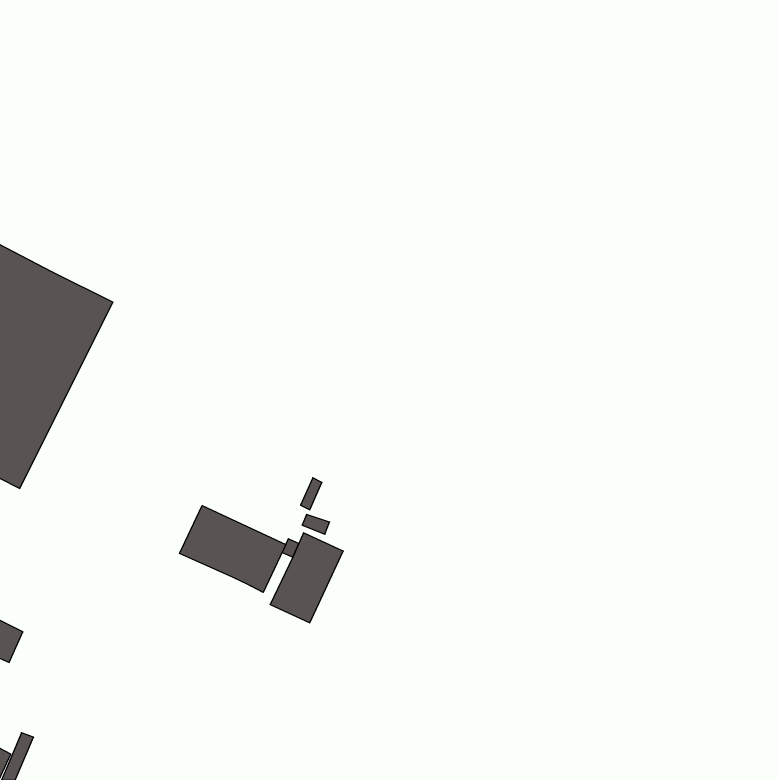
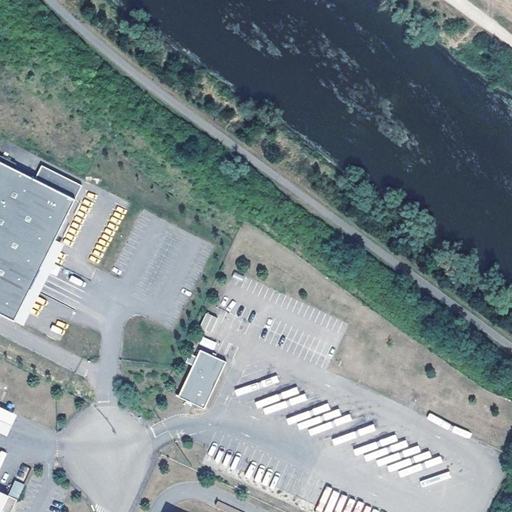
building: none -> [34,165,81,198]
building: [180,506,286,592] -> none

